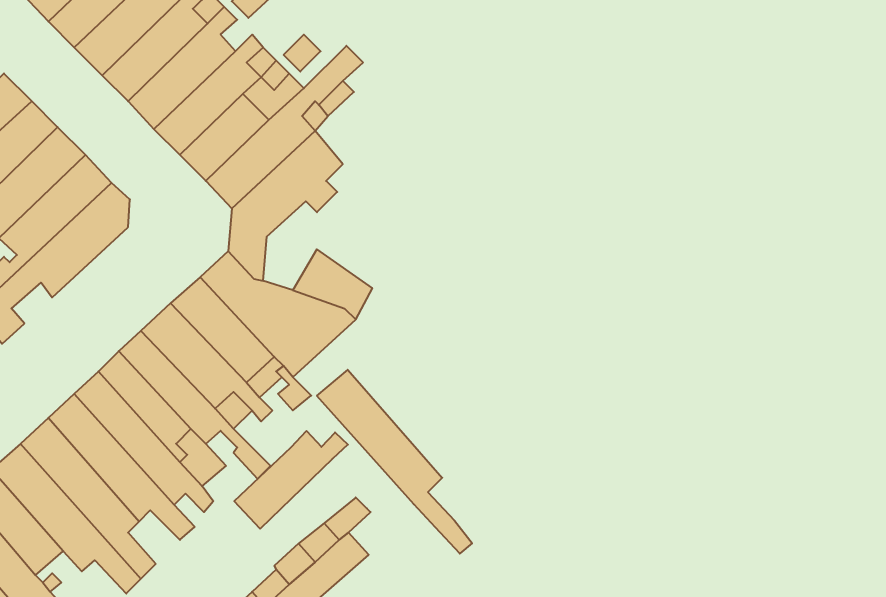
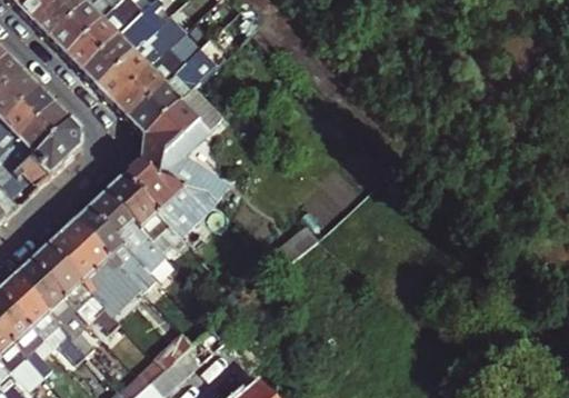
building: none -> [161,107,219,182]
building: [317,370,472,554] -> none
building: [234,431,348,529] -> none

